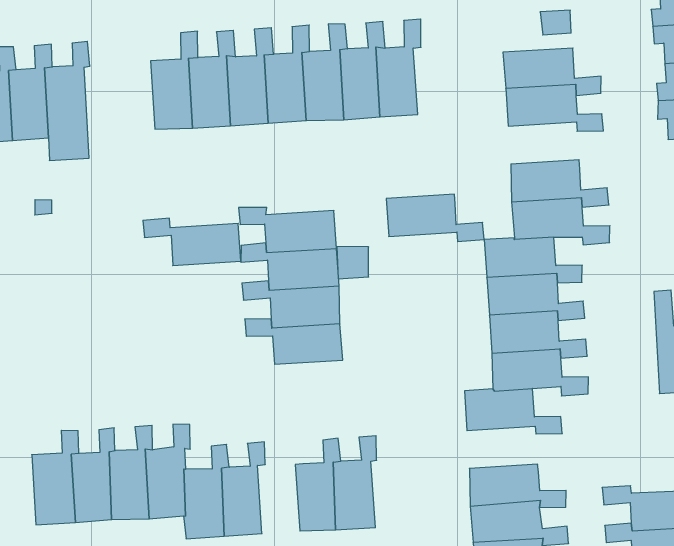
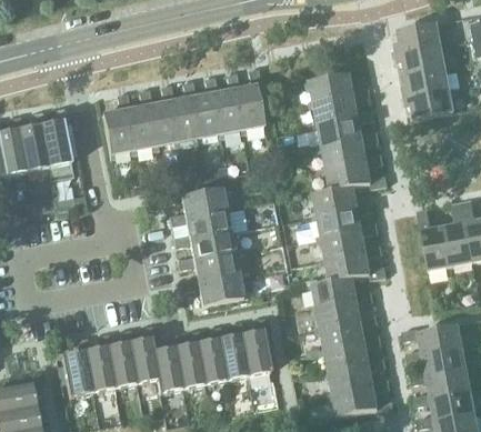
building: [386,194,484,242] -> [318,115,379,145]
building: [143,218,241,266] -> [181,274,242,304]
building: none -> [317,299,378,329]
building: none -> [196,325,226,383]

